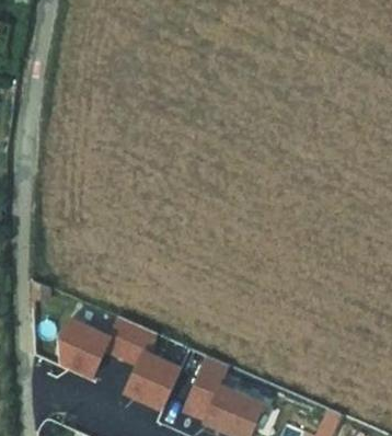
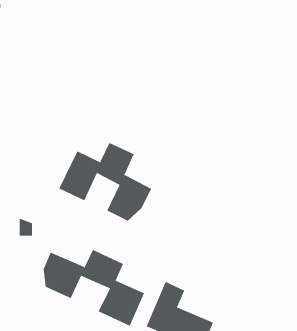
building: none -> [59,142,152,221]

